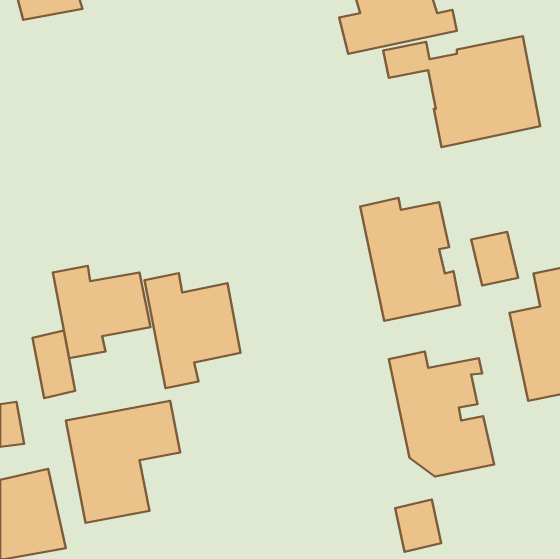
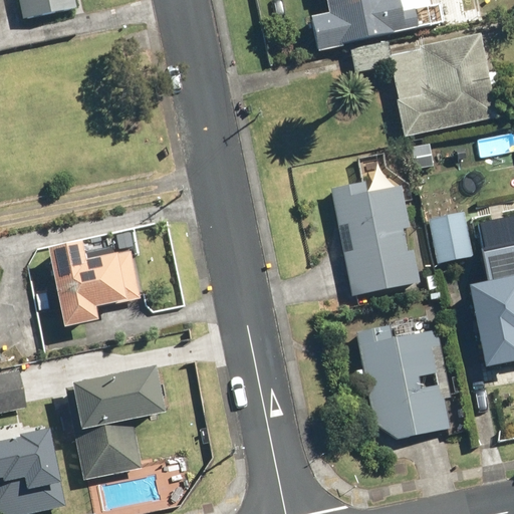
building: [145,273,241,388] -> none
building: [33,331,75,398] -> none
building: [395,499,441,552] -> none

